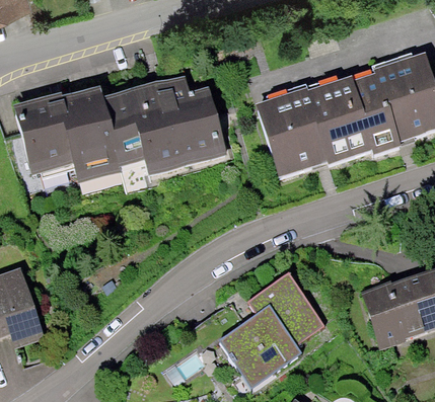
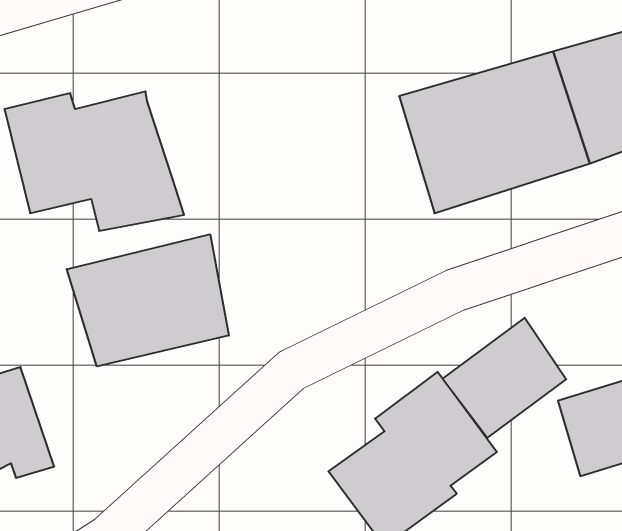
building: [101,79,225,170] -> none
building: none -> [67,234,229,366]
building: none -> [443,318,566,438]

